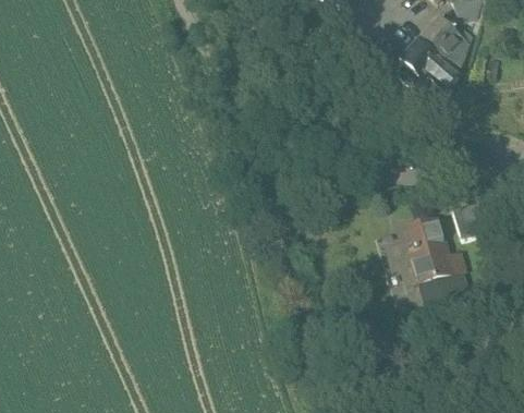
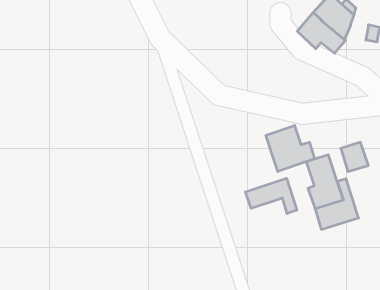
building: none -> [266,125,315,172]
building: none -> [245,178,297,214]

